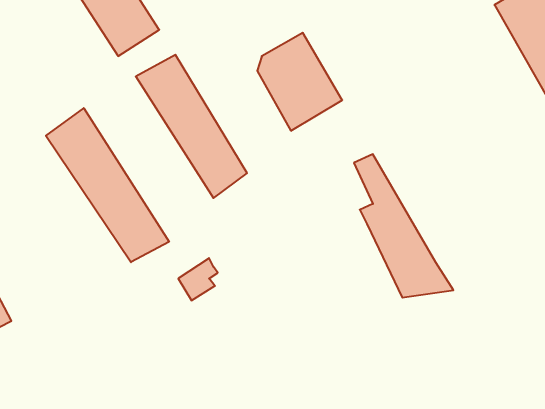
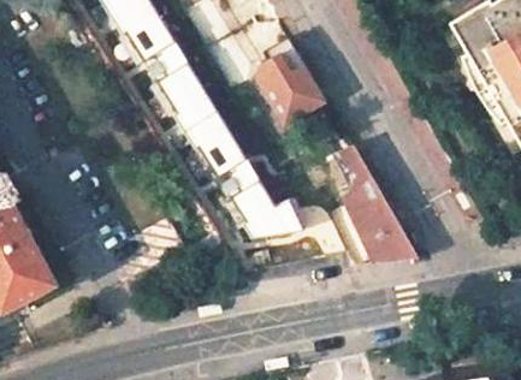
building: [46,108,169,262] -> none
building: none -> [231,186,303,245]

